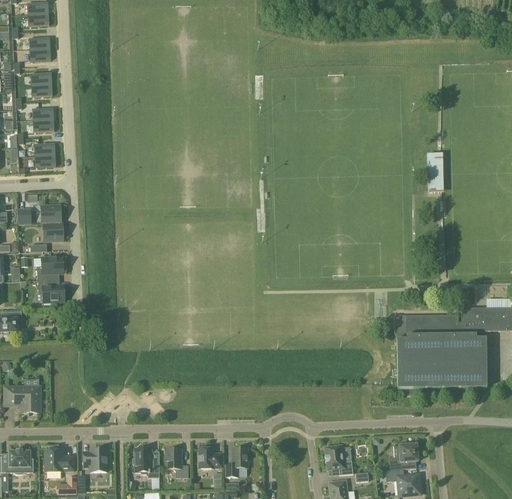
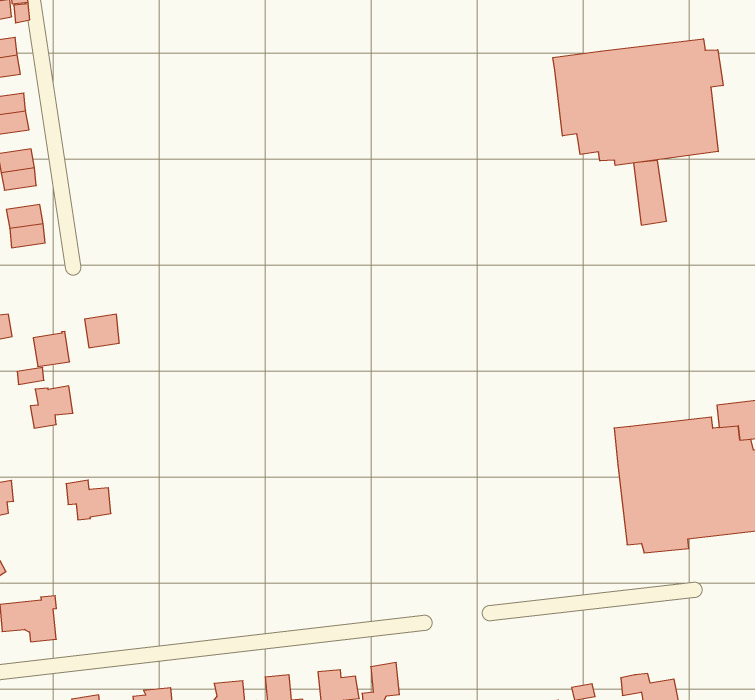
building: none -> [553,39,723,165]
building: [41,204,61,223] -> [85,314,119,348]
building: [38,278,64,302] -> [66,480,111,520]
building: [394,440,418,468] -> none
building: [325,444,353,474] -> none

